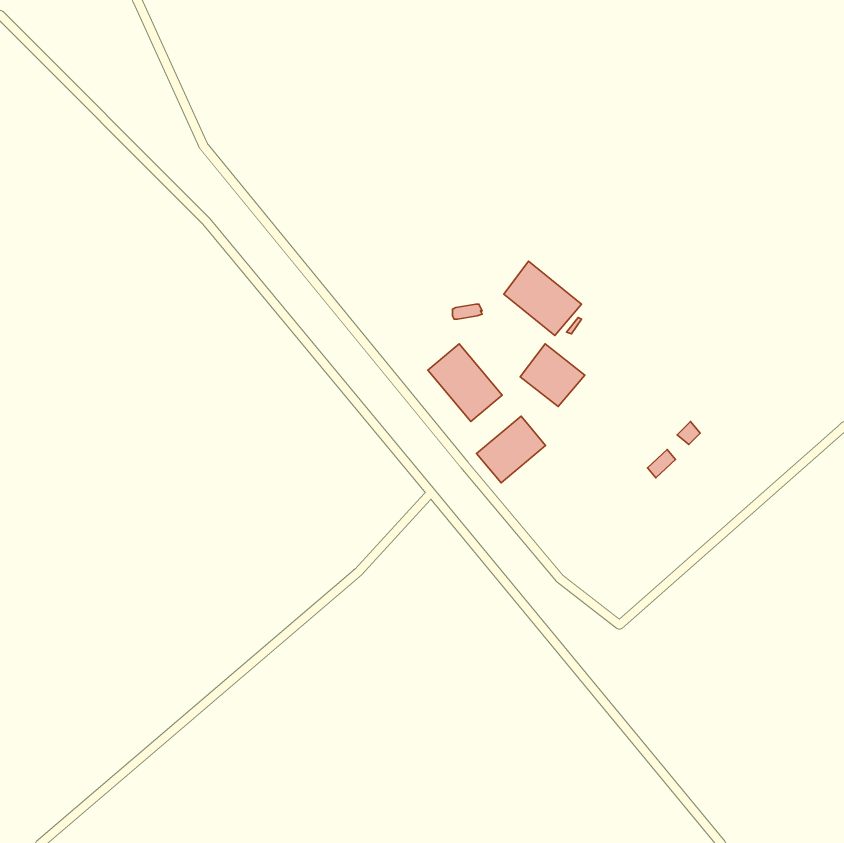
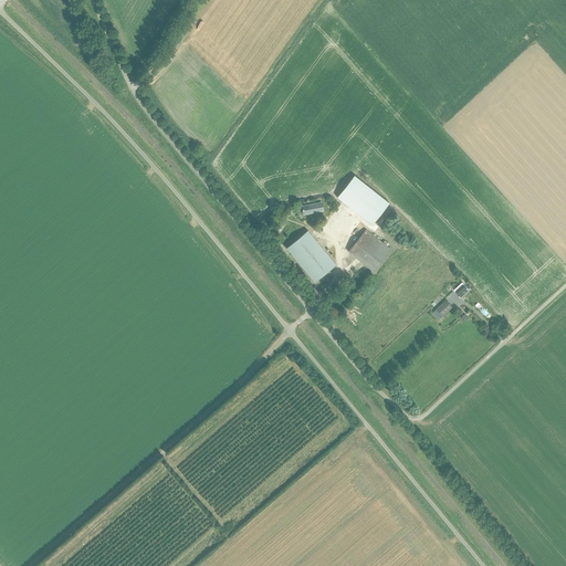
building: [477,416,545,483] -> none

